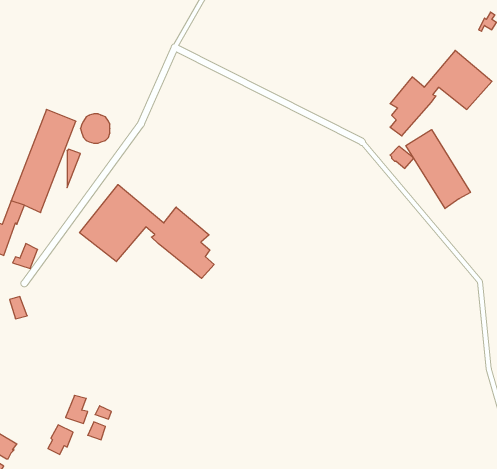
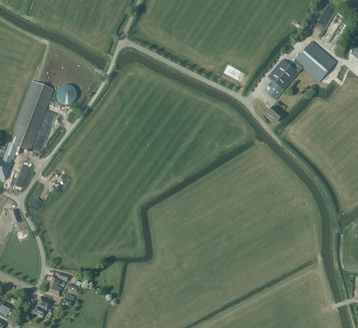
building: [406,130,470,209] -> none
building: [80,185,214,278] -> none

